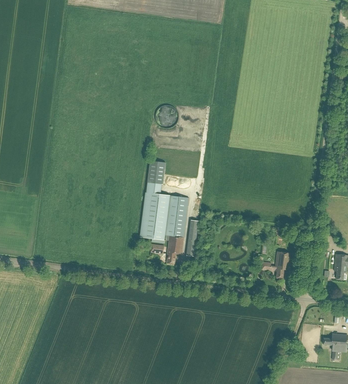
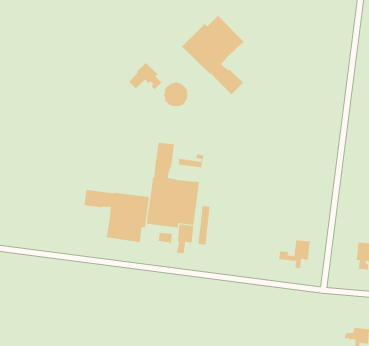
building: none -> [181,15,244,95]
building: none -> [128,62,162,90]
building: none -> [84,189,150,243]

